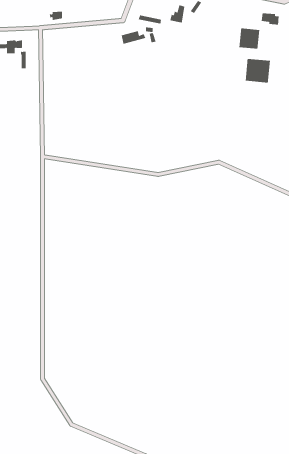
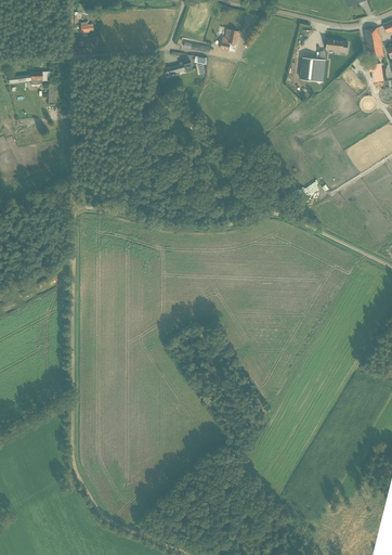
building: [245,58,270,83] -> none

